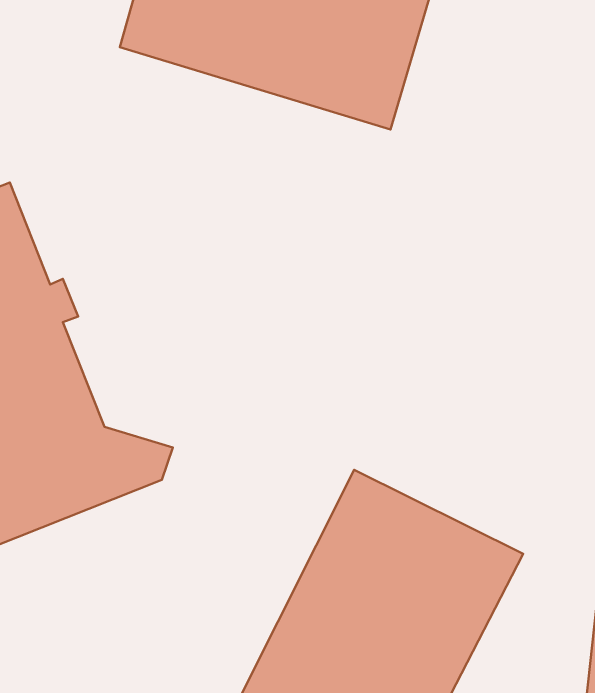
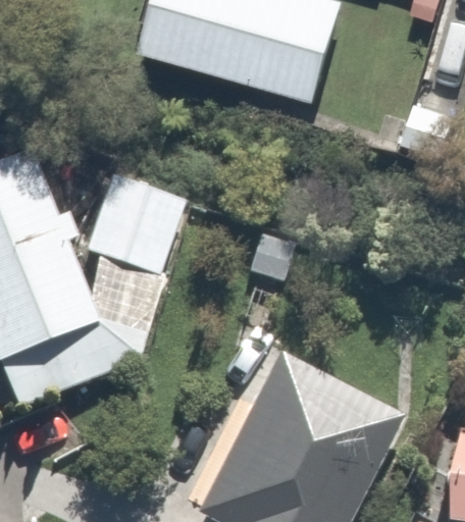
building: none -> [86,173,186,273]

